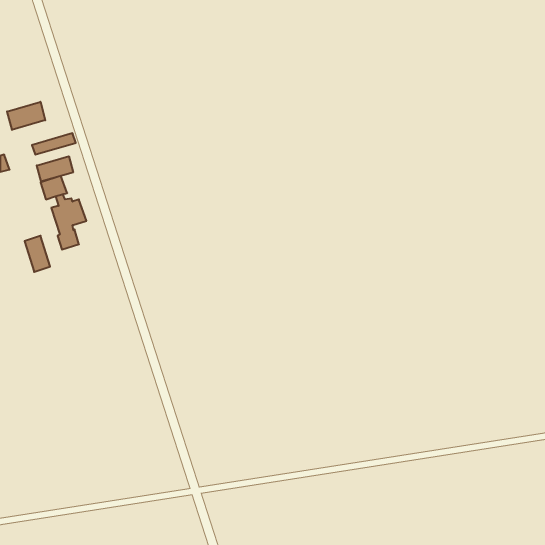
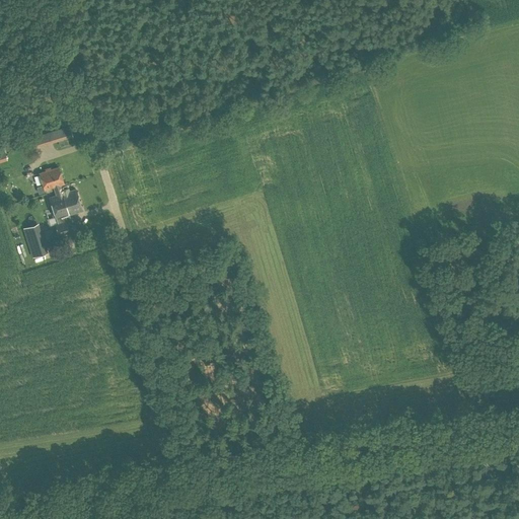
building: [7,102,45,130] -> none
building: [37,156,73,182] -> none

